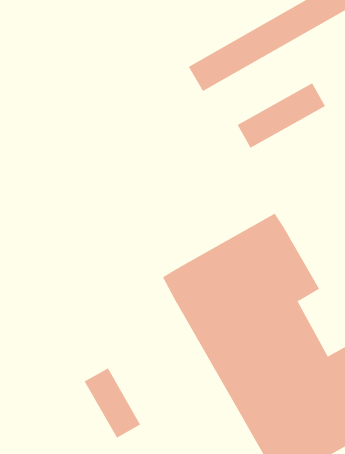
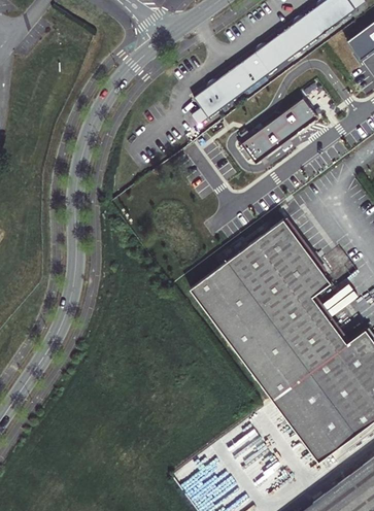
building: [84,368,141,438] -> none

